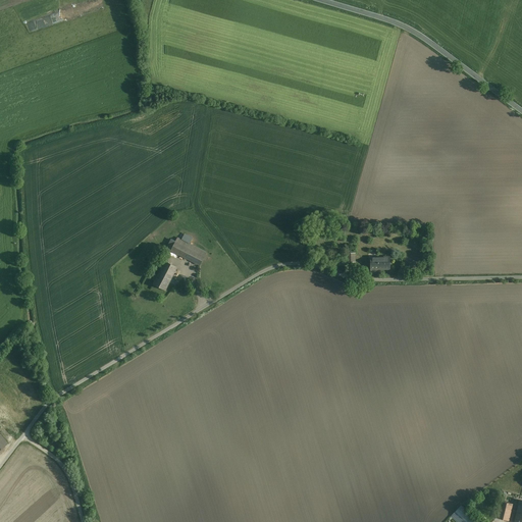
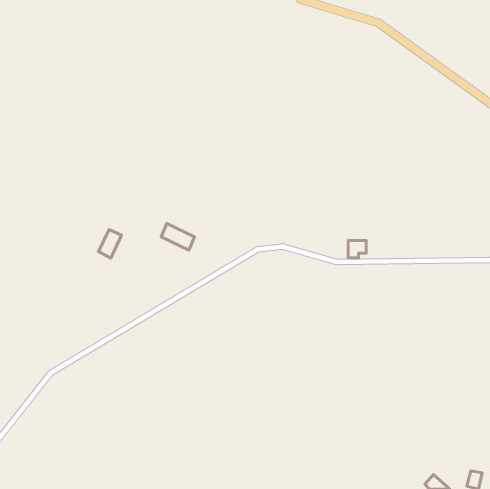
building: [153,261,177,292] -> [98,229,121,258]

